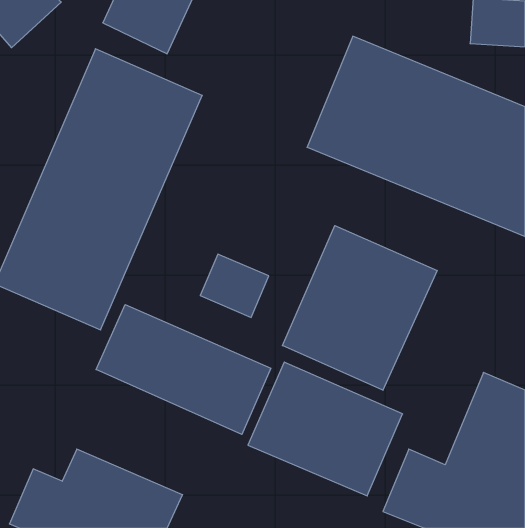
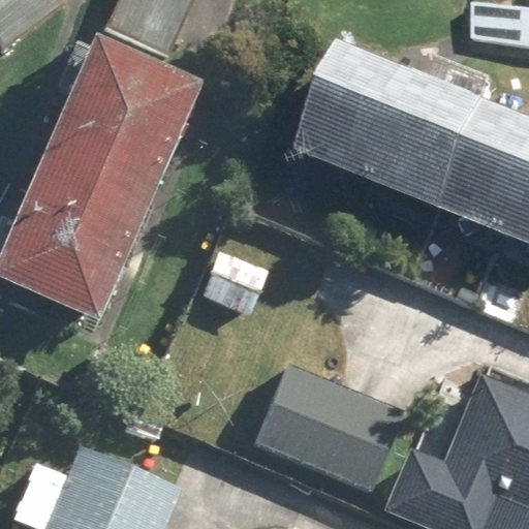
building: [282,226,437,390] -> none
building: [96,305,271,434] -> none

